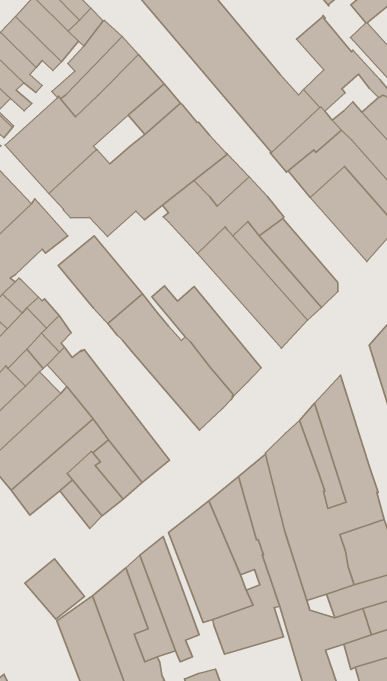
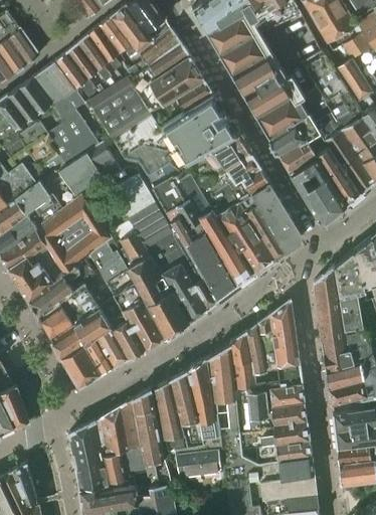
building: none -> [153,175,253,286]
building: none -> [119,234,188,338]
building: [25,559,84,619] -> [62,346,102,387]

